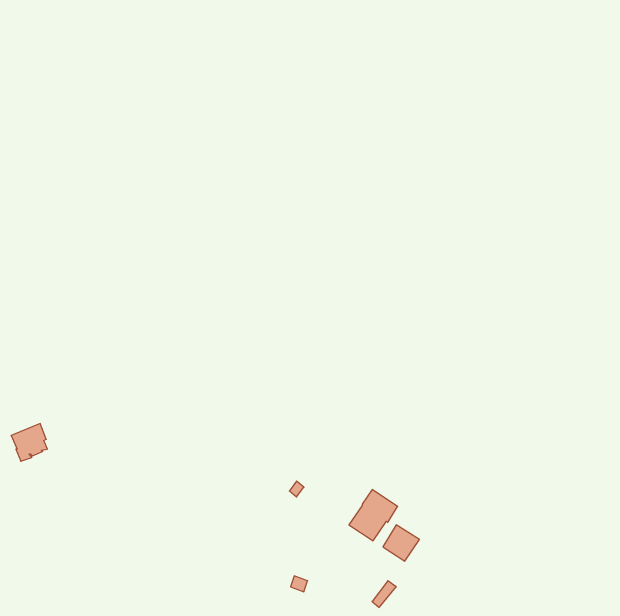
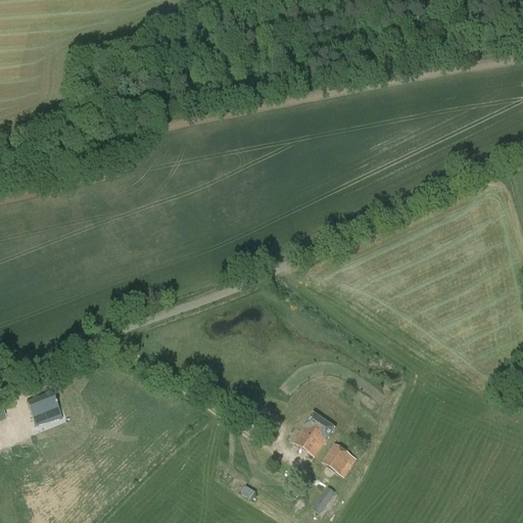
building: [11,424,47,461] -> [30,396,60,428]

